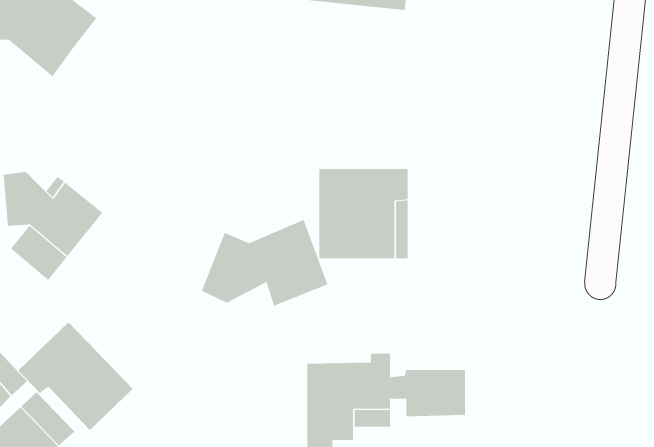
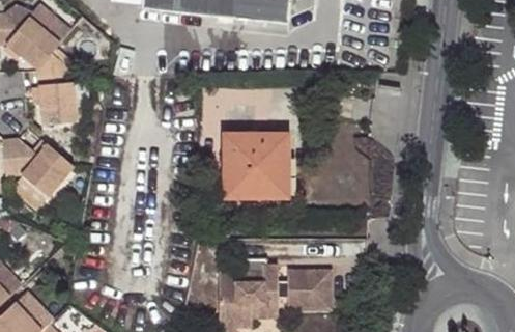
building: none -> [38,51,78,125]
building: [201,219,328,306] -> none
building: [17,321,133,431] -> none

